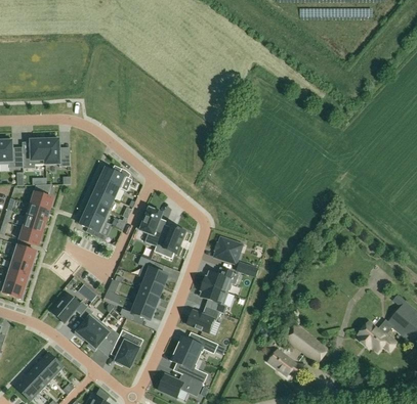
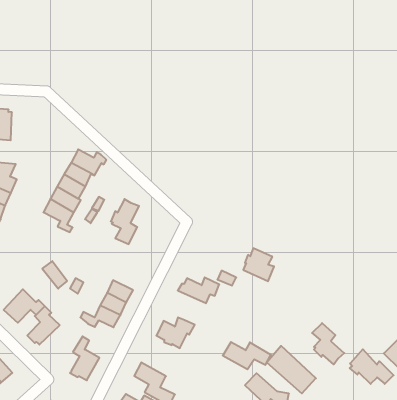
building: [44,136,70,166] -> none
building: [154,225,184,254] -> none
building: [213,236,240,264] -> [243,248,274,281]
building: [137,256,167,285] -> none
building: [200,282,227,313] -> none
building: none -> [312,323,344,364]
building: [85,321,118,350] -> none
building: [175,334,217,358] -> [223,342,271,369]

